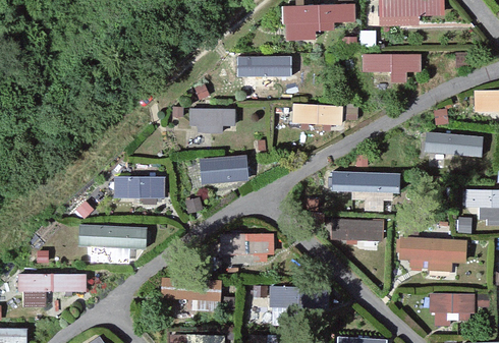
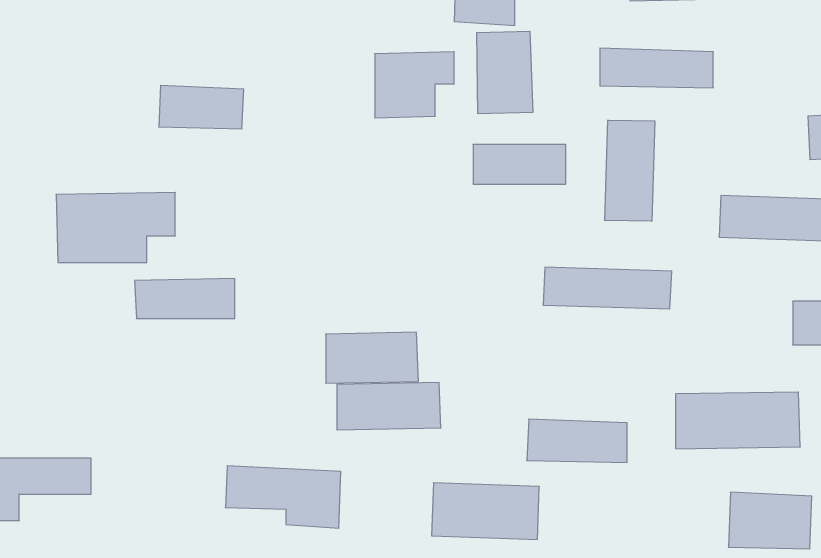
building: none -> [477,31,533,114]
building: none -> [605,120,655,221]
building: [188,108,234,131] -> [159,85,244,129]
building: [198,156,247,183] -> [326,332,418,383]
building: [329,219,383,242] -> [527,419,627,462]
building: [81,225,146,263] -> [56,192,175,262]

